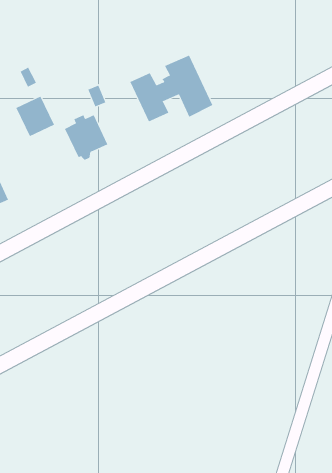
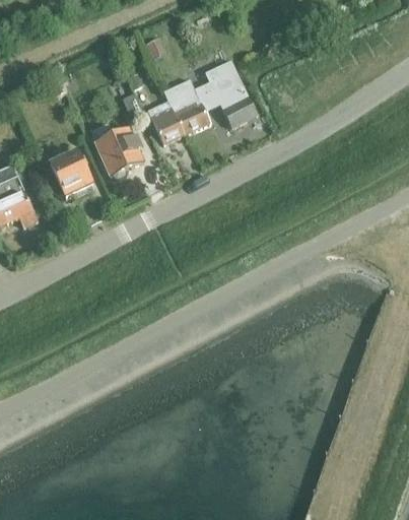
building: none -> [148,90,188,145]
building: [15,96,55,137] -> [51,149,93,194]

